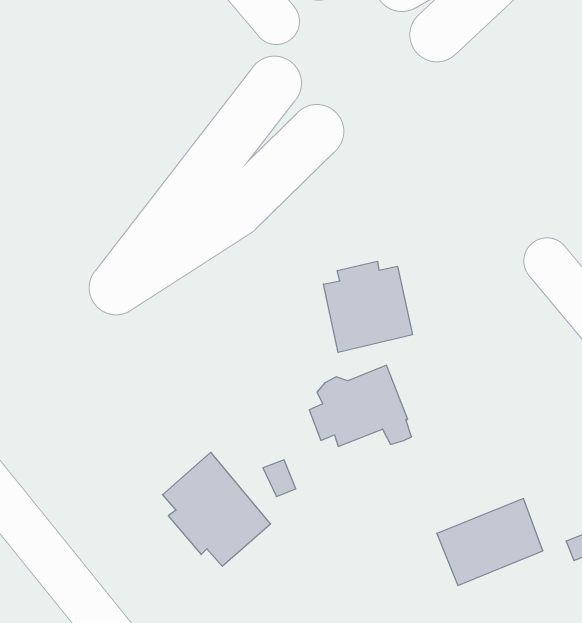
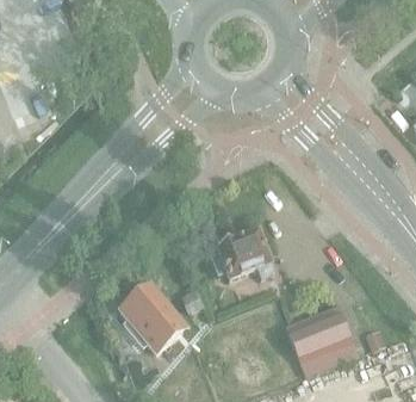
building: [323,261,412,353] -> none

